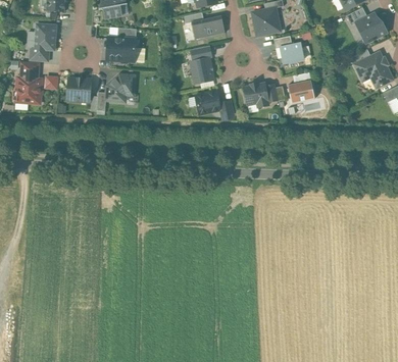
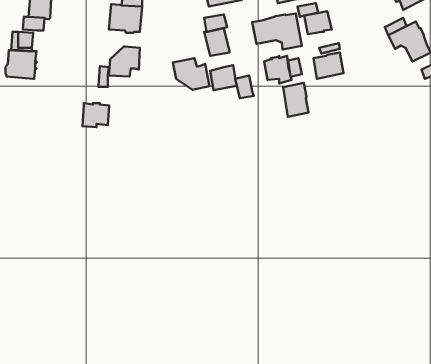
building: none -> [252,13,302,50]
building: [67,79,91,100] -> [83,103,109,127]
building: none -> [173,58,209,90]
building: none -> [283,83,309,117]

